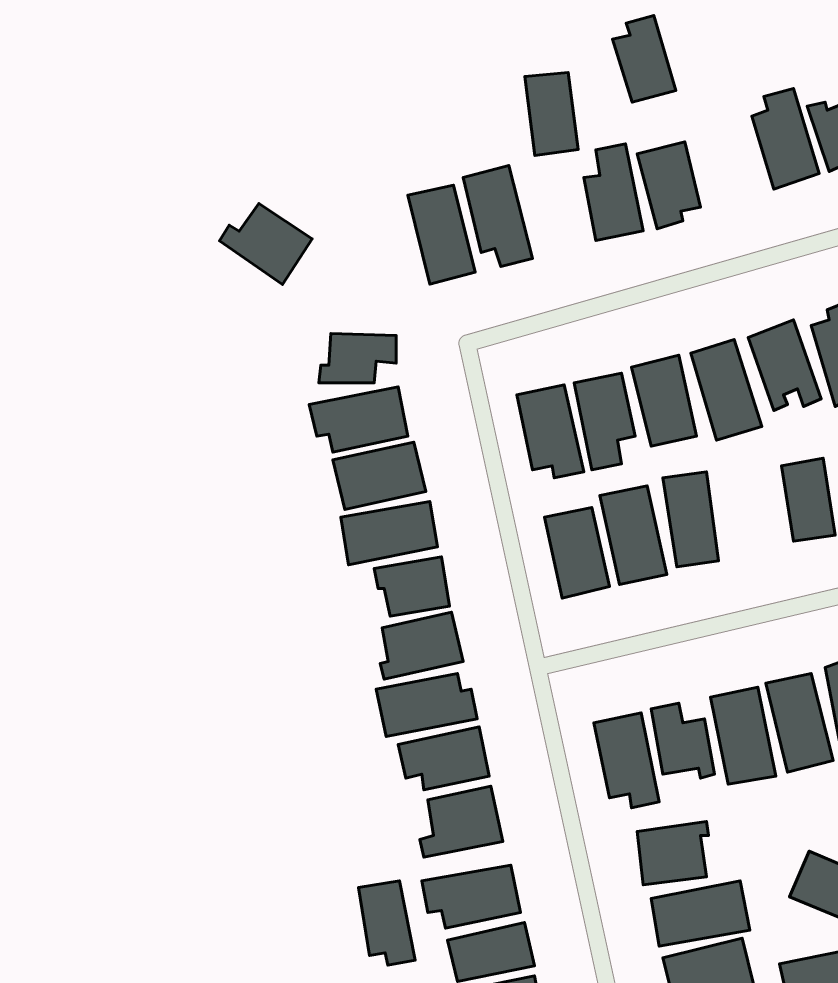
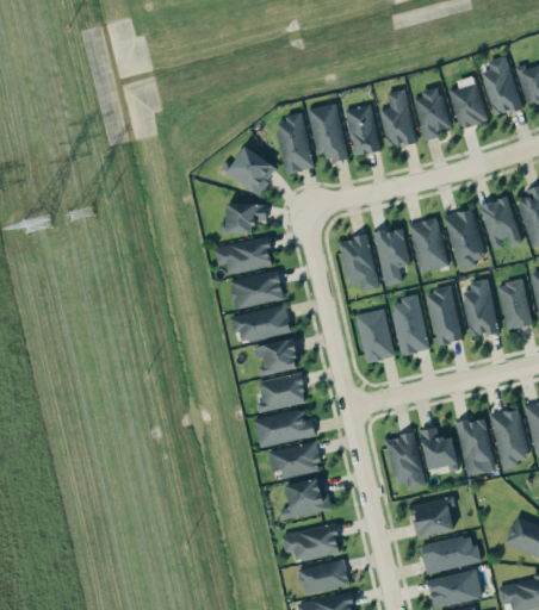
building: [612,15,676,102] -> [448,76,487,129]
building: [525,72,578,155] -> [346,105,378,155]
building: [219,203,312,284] -> [221,147,277,195]
building: none -> [461,279,498,337]
building: [358,881,415,965] -> none

